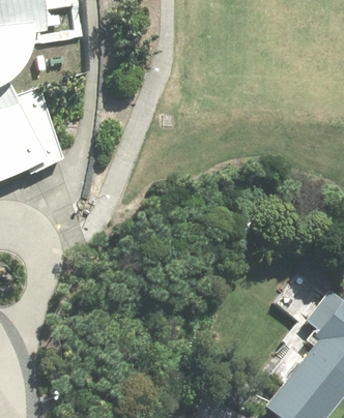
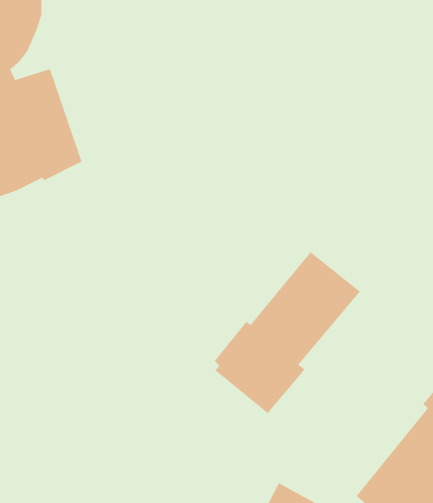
building: none -> [214,251,361,414]

